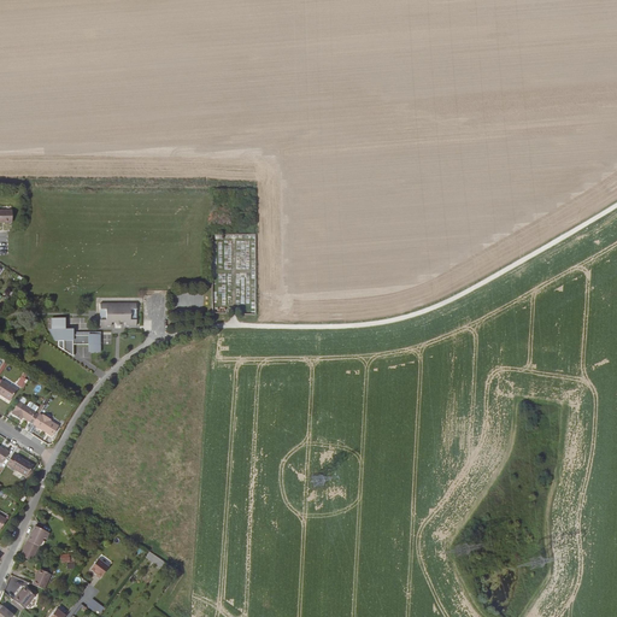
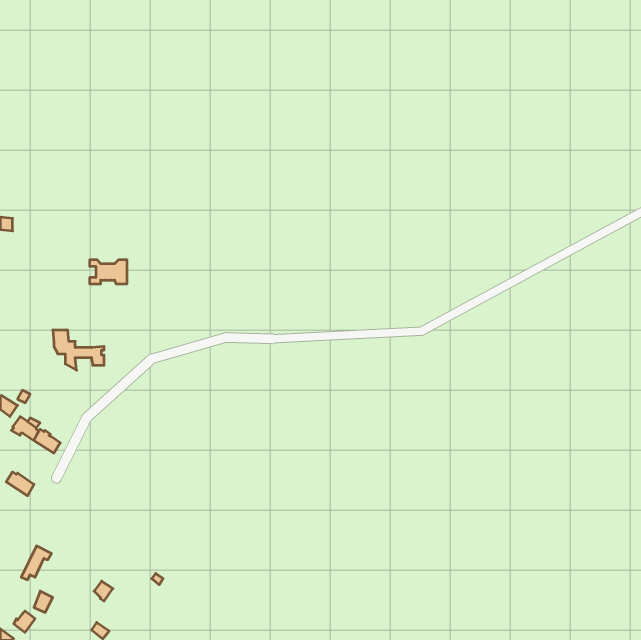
building: [100,302,136,325] -> [90,260,127,284]

